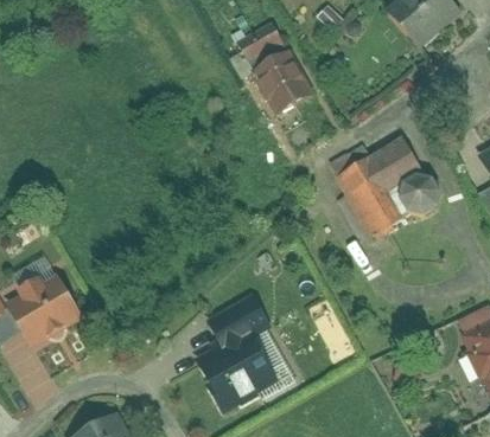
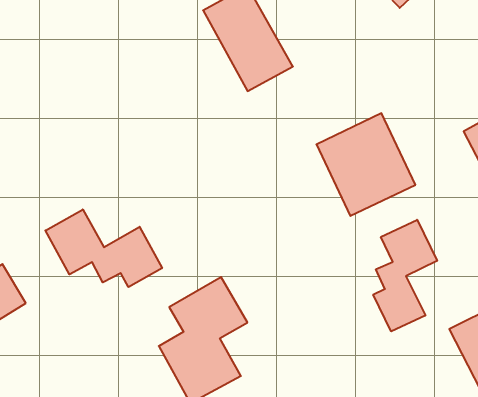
building: none -> [45,209,162,287]
building: none -> [373,220,437,331]

